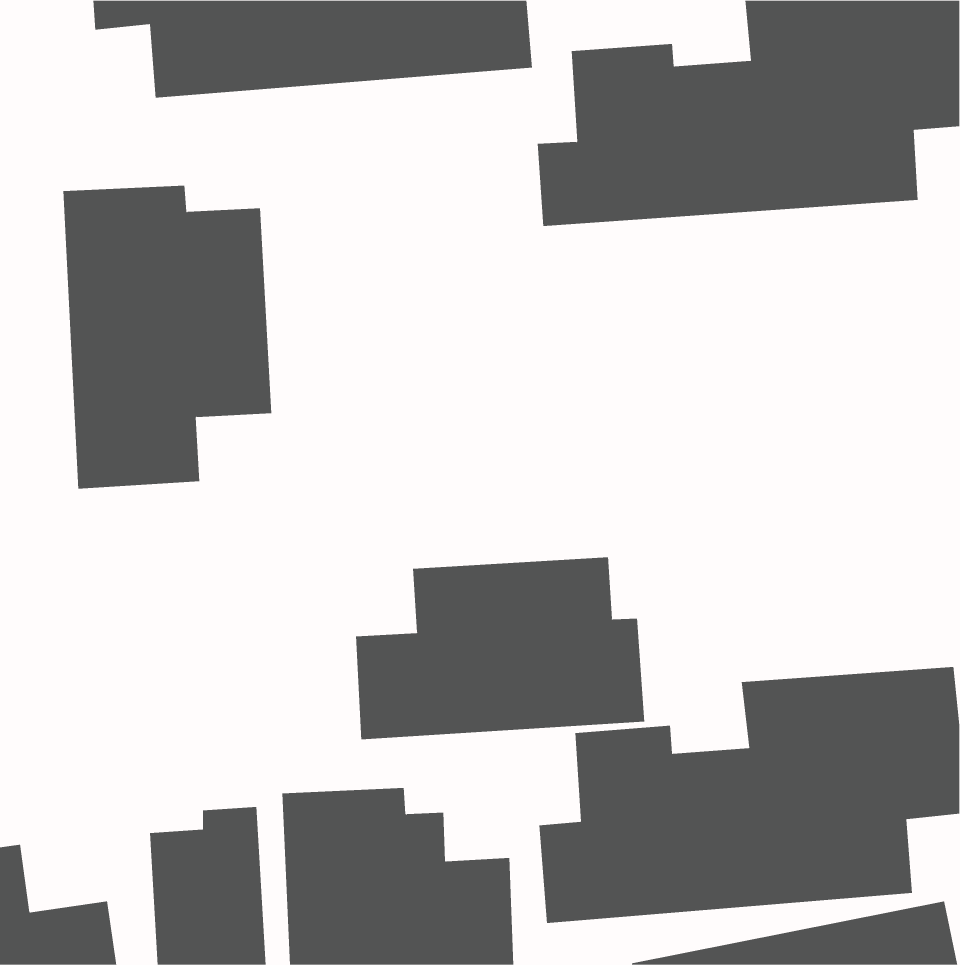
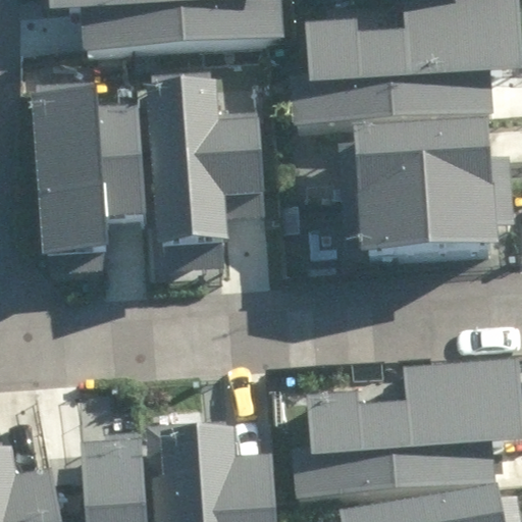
building: none -> [149,90,267,254]
building: none -> [353,129,499,261]
building: [355,556,645,740] -> none

